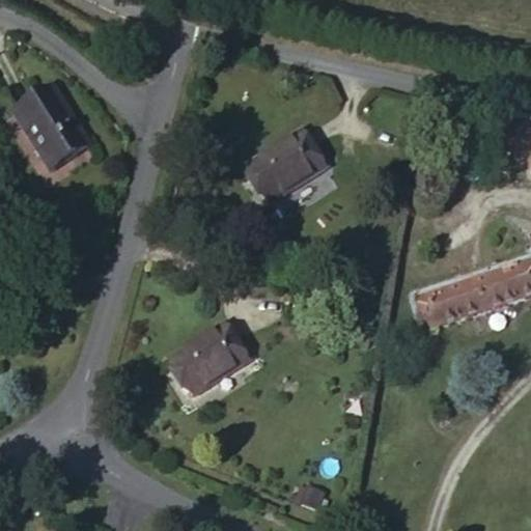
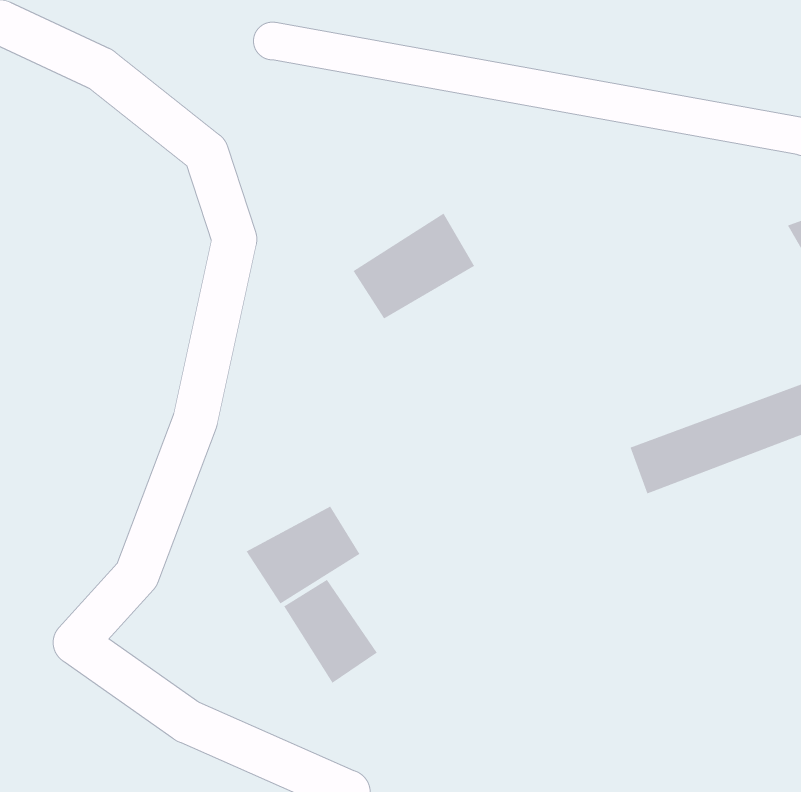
building: [15,81,90,164] -> none
building: none -> [283,579,378,684]

